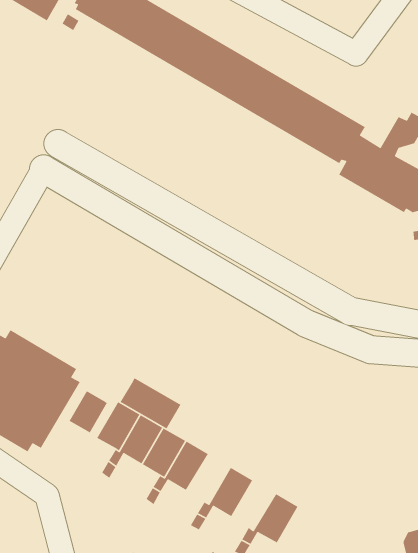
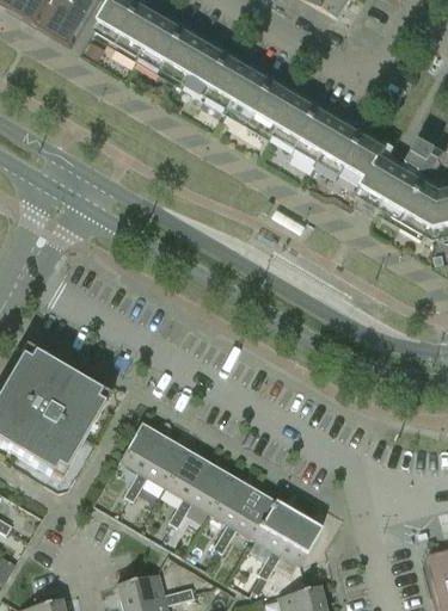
building: [120,377,182,430] -> none
building: [68,390,108,434] -> none
building: none -> [209,475,253,525]
building: none -> [254,501,299,551]

